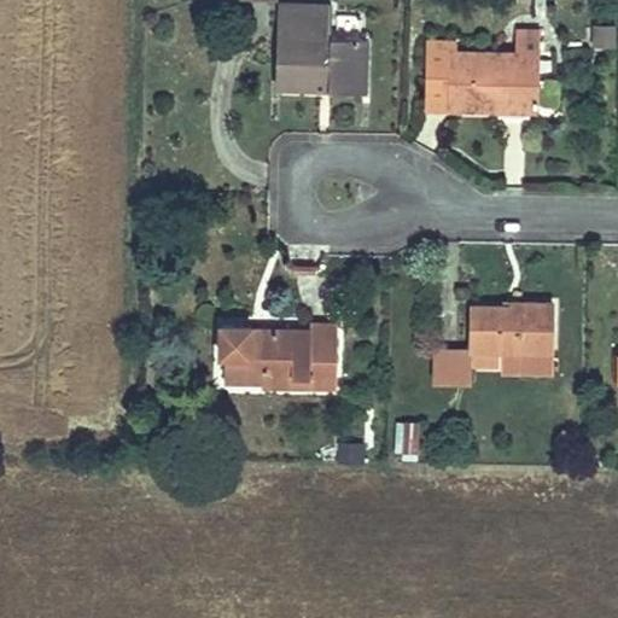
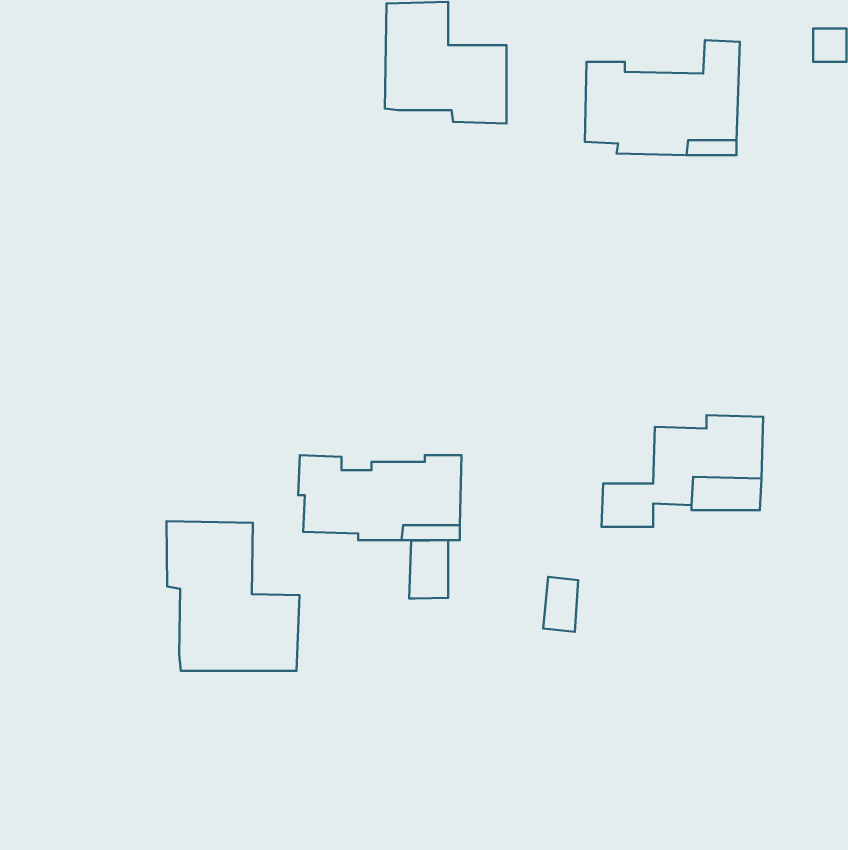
building: none -> [166,521,299,671]
building: none -> [409,540,448,599]

